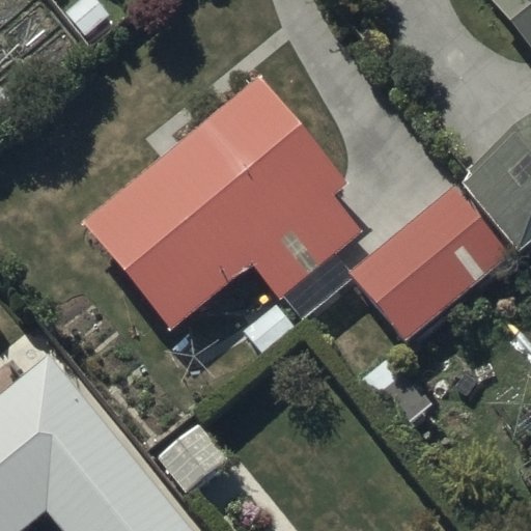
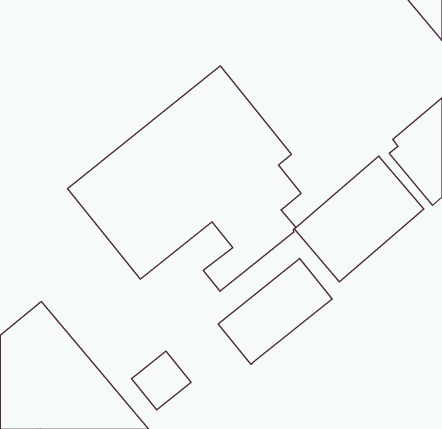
building: none -> [218,258,332,364]

